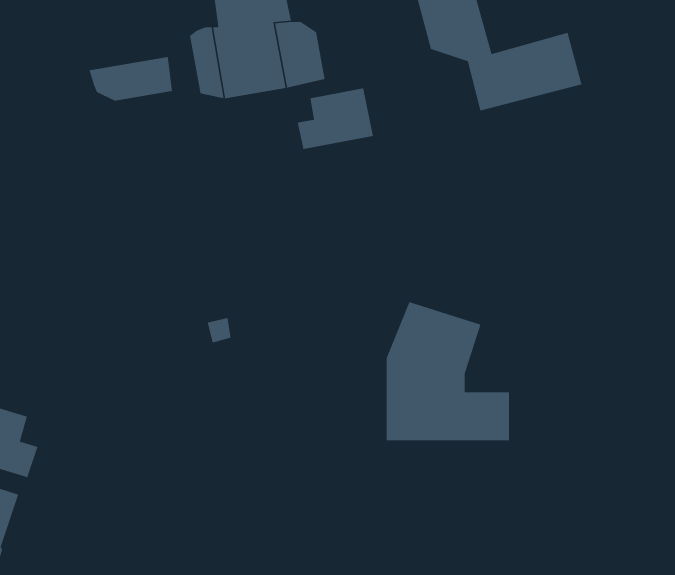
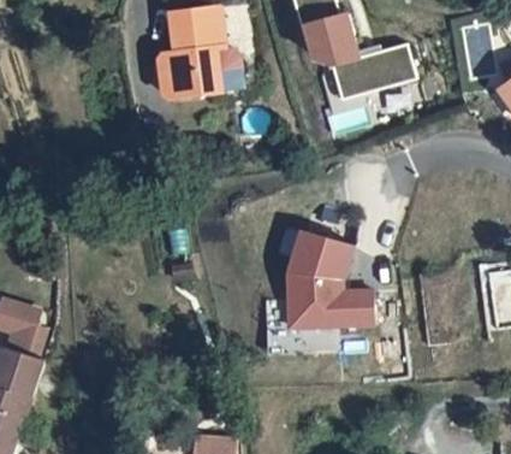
building: [88,56,173,102] -> none
building: [297,87,374,150] -> none

